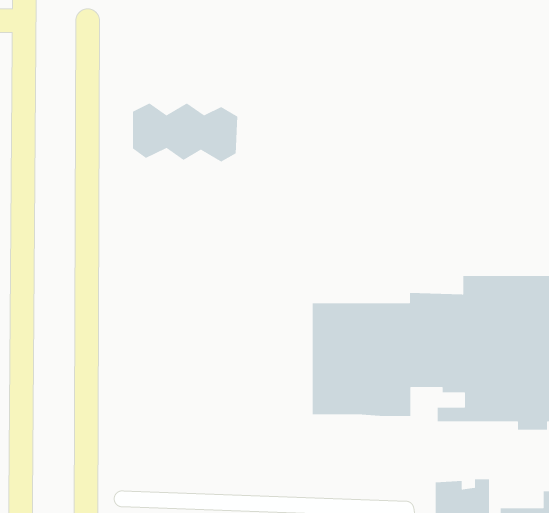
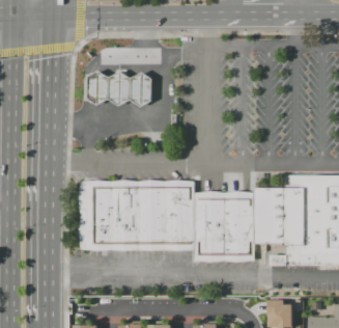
building: none -> [79,182,192,249]

